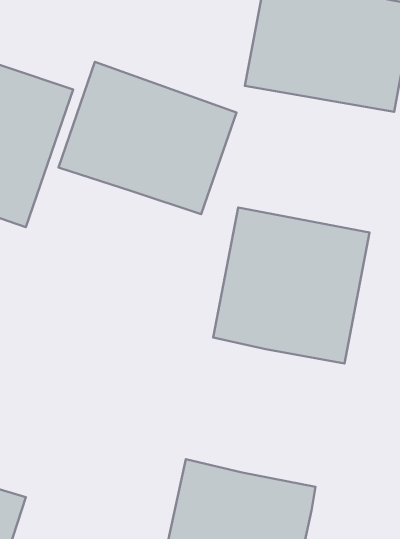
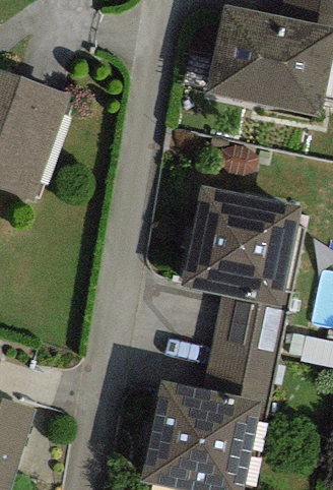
building: [58,62,237,214] -> none
building: none -> [204,297,283,423]

